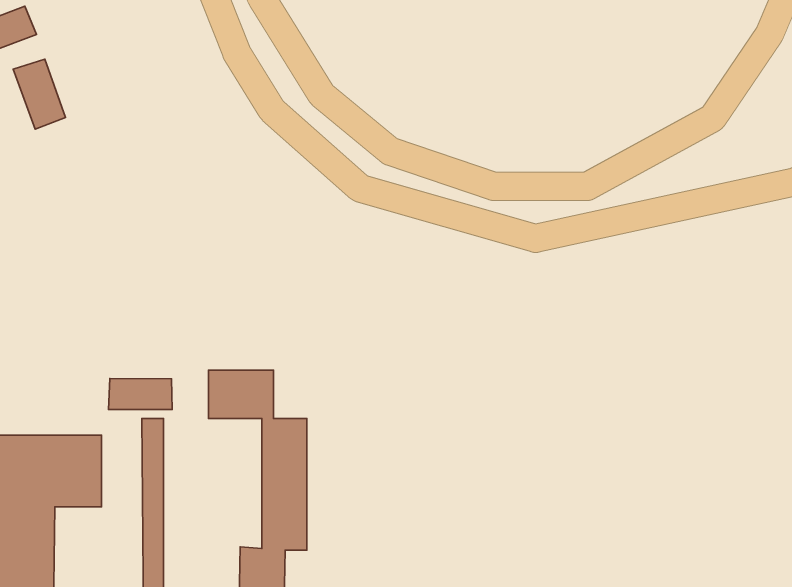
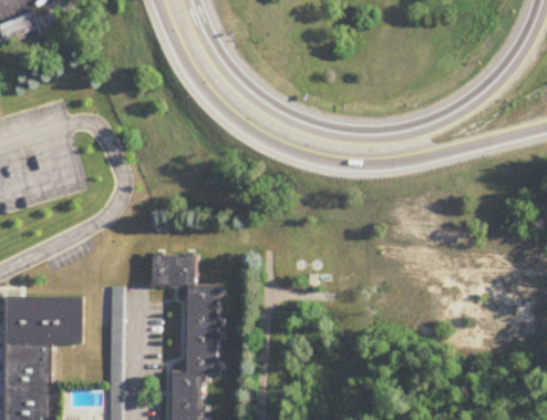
building: [13,59,66,129] -> none
building: [108,378,172,409] -> none

